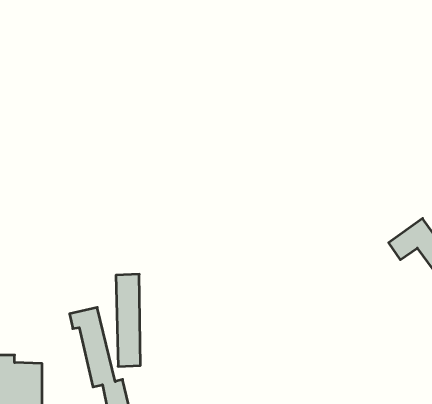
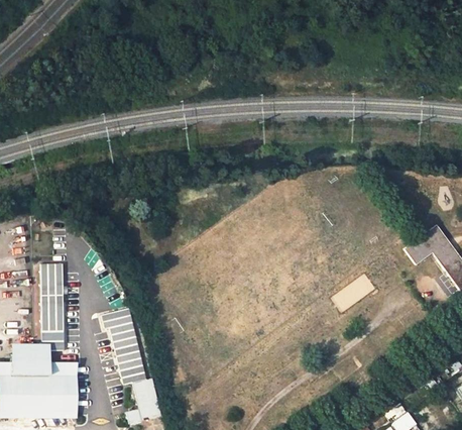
building: [116,274,140,366] -> [40,266,64,354]

